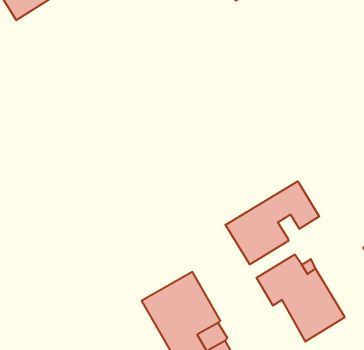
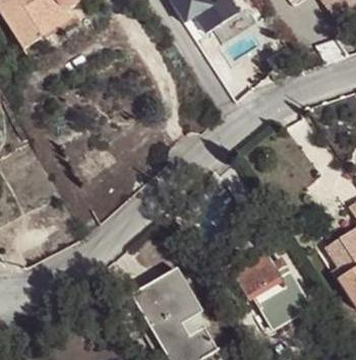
building: [225,181,319,264] -> none

